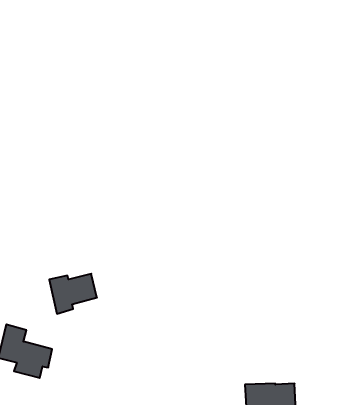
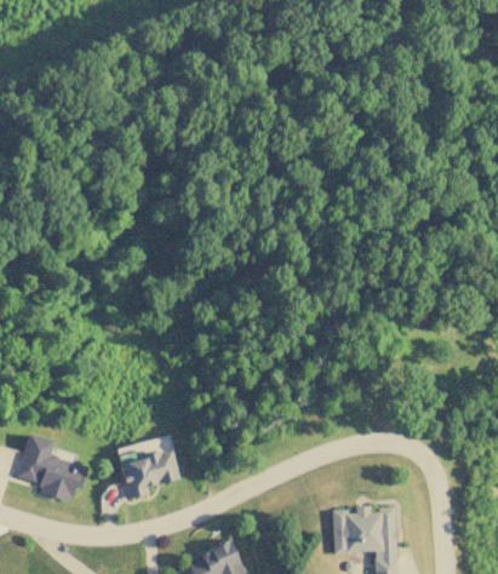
building: [49,274,97,314] -> [118,448,178,499]

